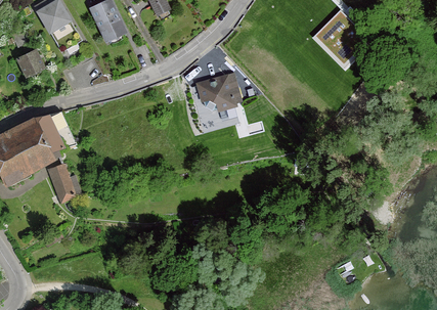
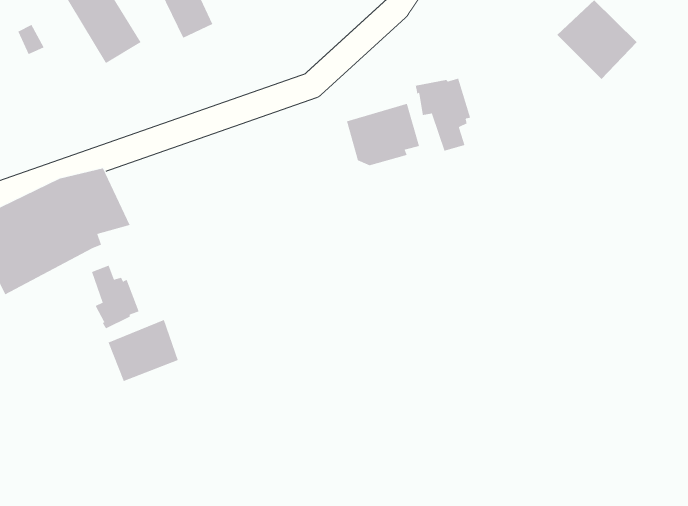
building: [17,50,43,76] -> none
building: none -> [415,78,471,152]
building: none -> [108,319,179,382]

